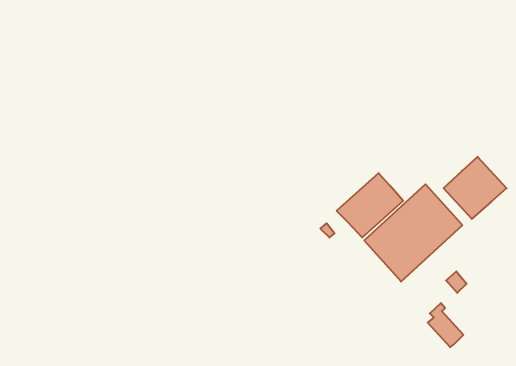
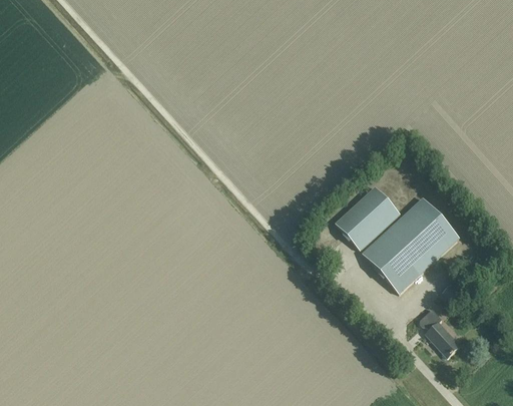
building: [444,157,507,219] -> none

